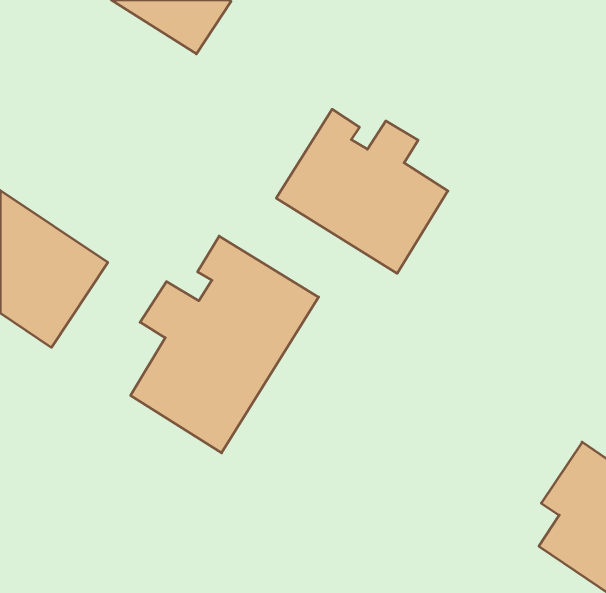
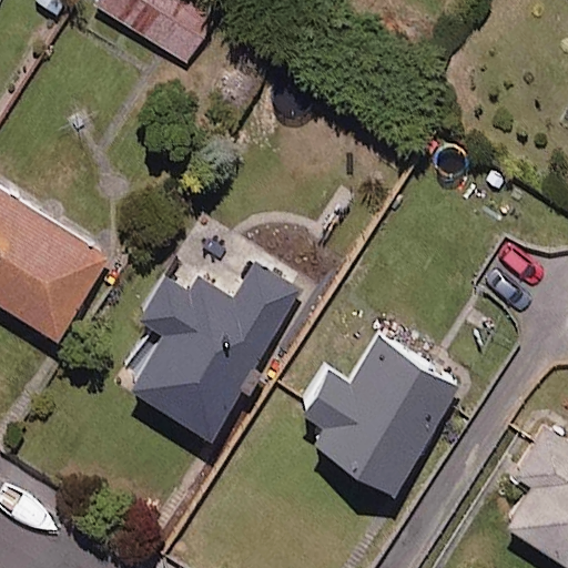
building: [276,109,448,273] -> none
building: none -> [295,335,459,491]

